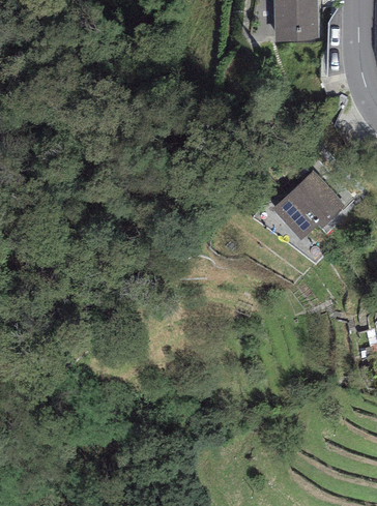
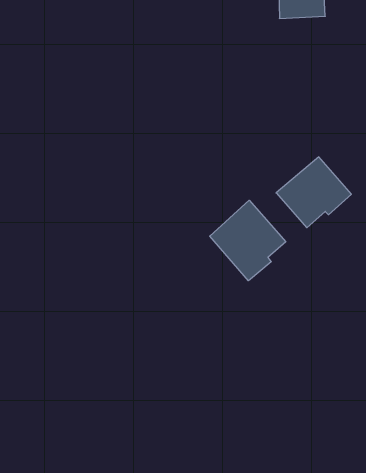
building: none -> [210,200,286,281]

